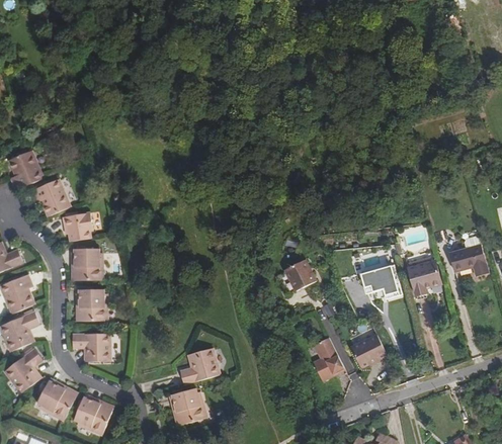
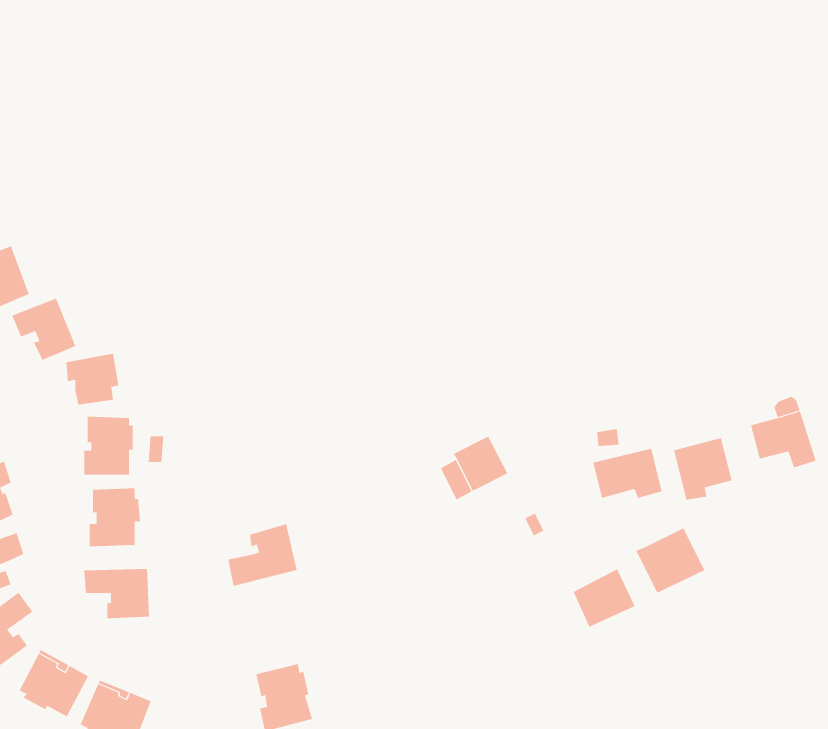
building: none -> [635,527,705,593]
building: [312,336,343,379] -> none
building: [178,348,218,383] -> [228,524,297,586]

